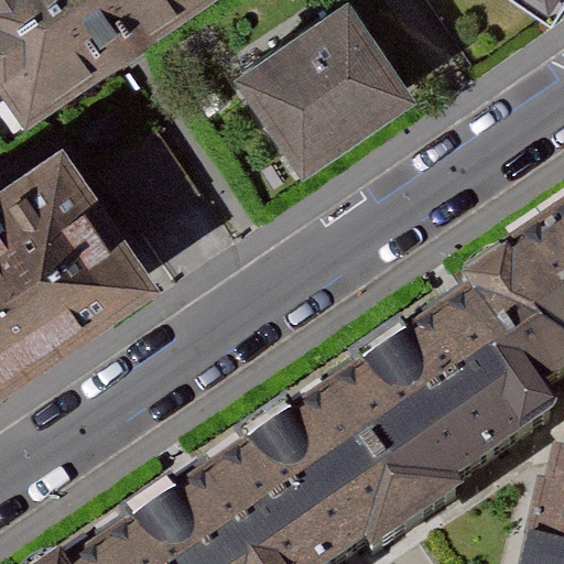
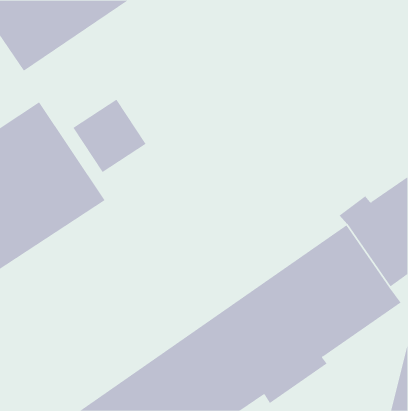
building: [243,8,404,162] -> none

